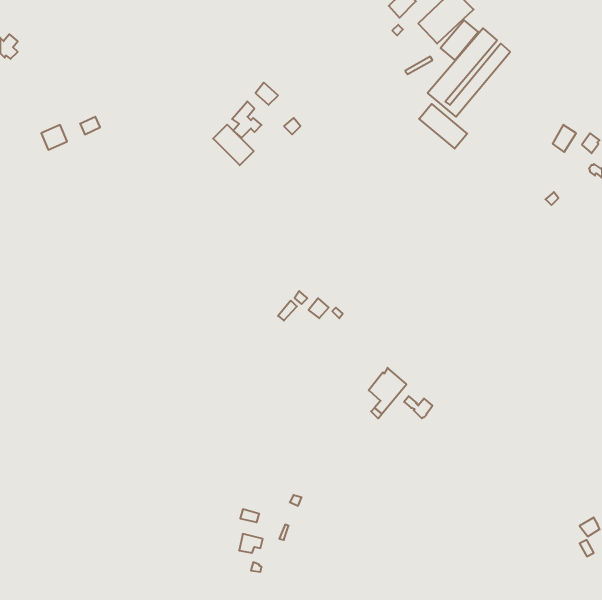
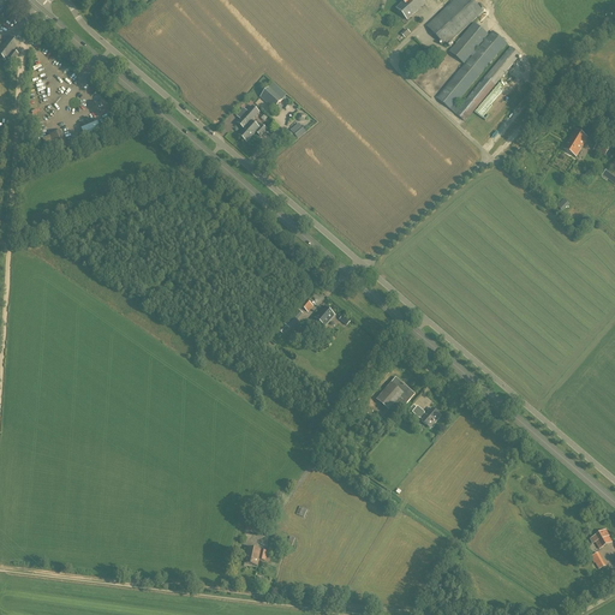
building: [419,104,467,149] -> none
building: [213,125,254,165] -> none

